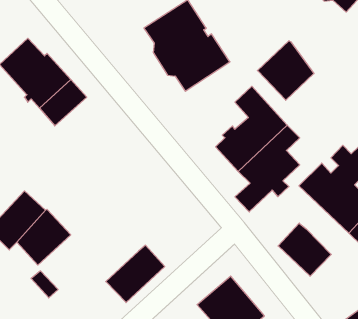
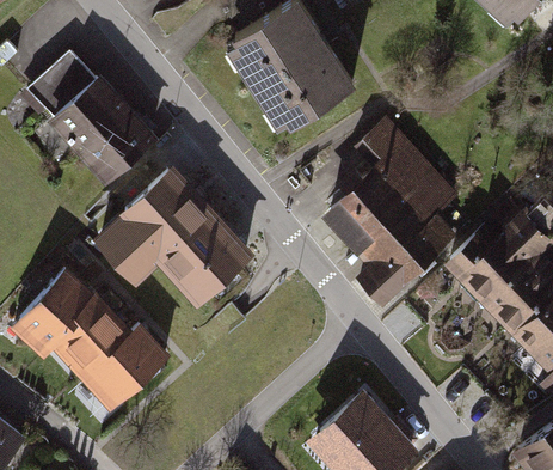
building: [257,41,314,100] -> none
building: none -> [94,171,248,304]
building: [278,223,331,276] -> none
building: [106,245,165,303] -> [82,326,166,408]

